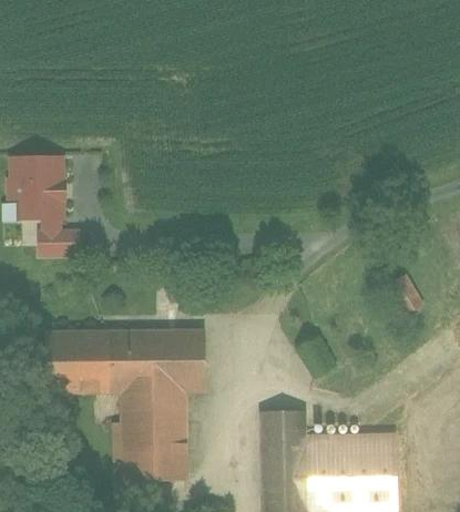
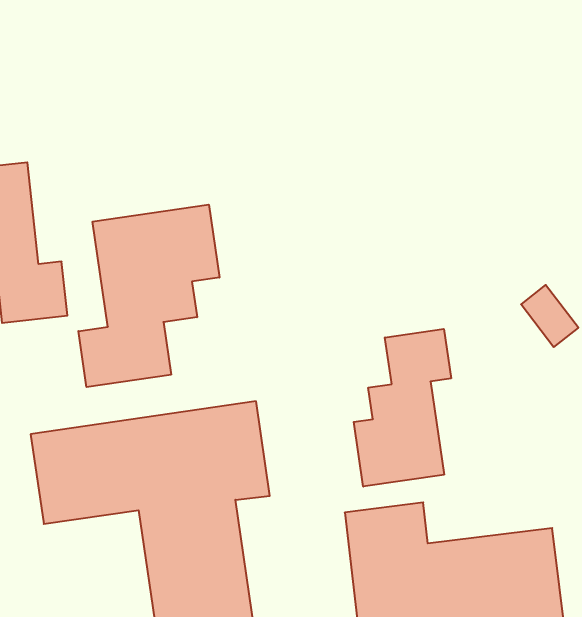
building: none -> [78,205,219,387]
building: none -> [354,329,451,487]

